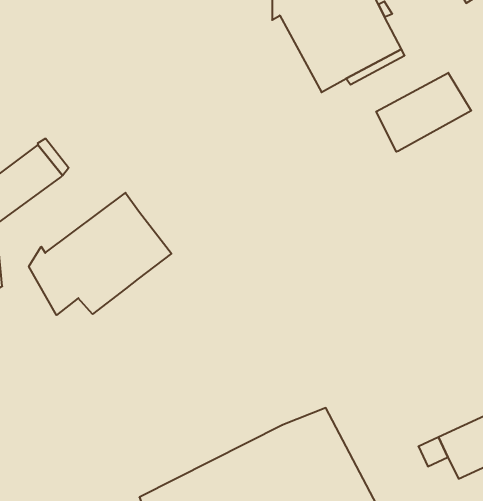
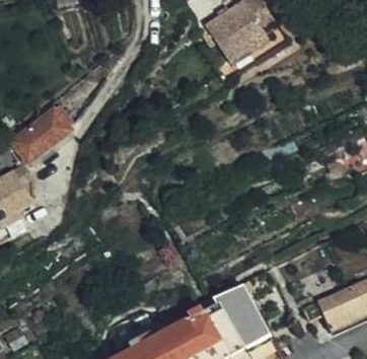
building: [376,73,471,152] -> none
building: [29,193,171,315] -> none

